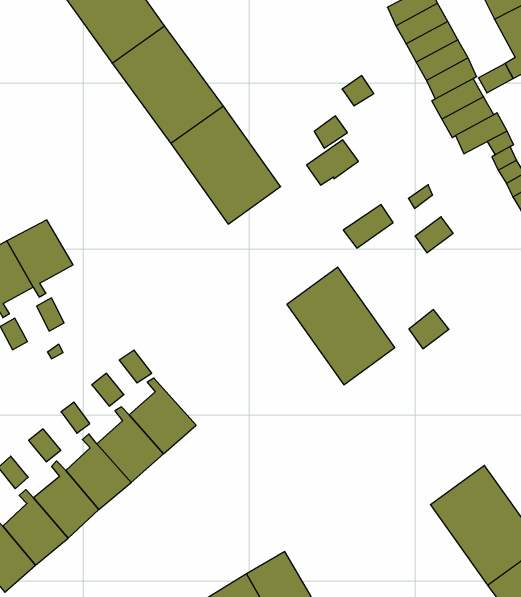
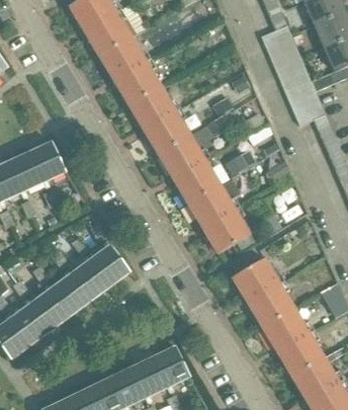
building: none -> [159,135,221,203]
building: none -> [233,257,304,327]

